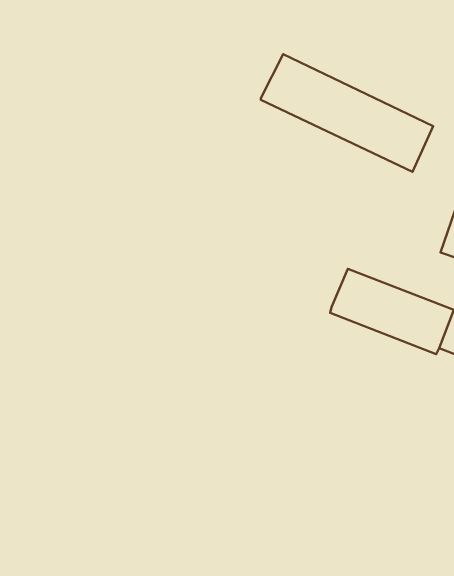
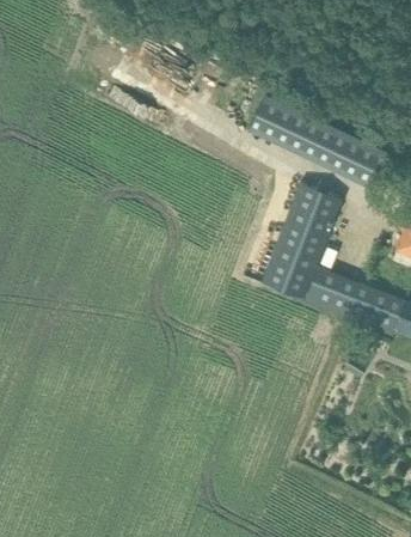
building: none -> [262,183,341,303]

